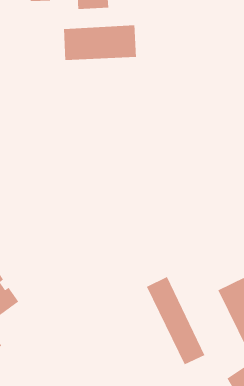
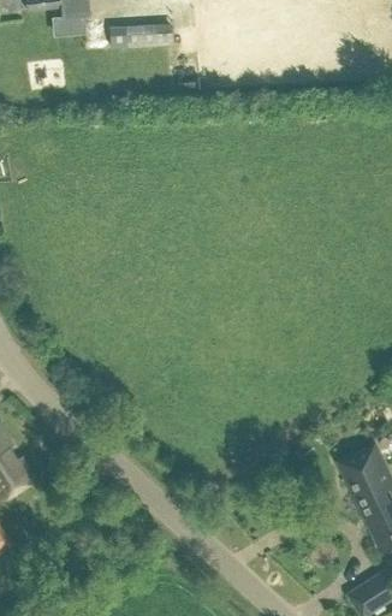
building: [64,25,137,61] -> none
building: [146,276,205,365] -> none

